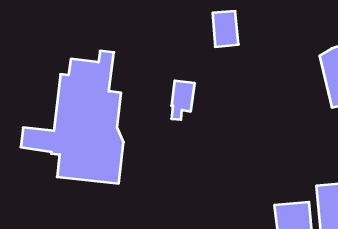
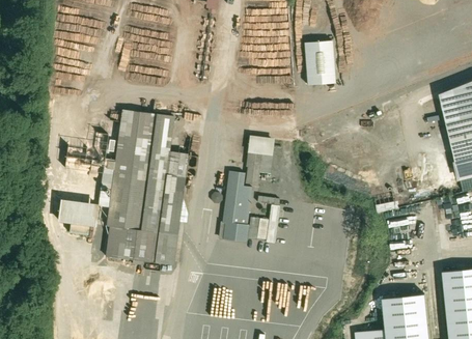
building: none -> [222,172,255,245]

